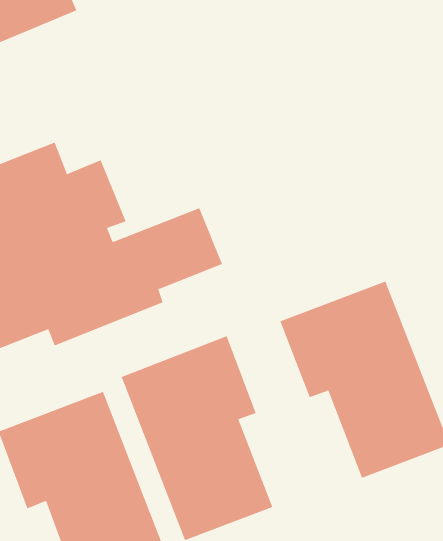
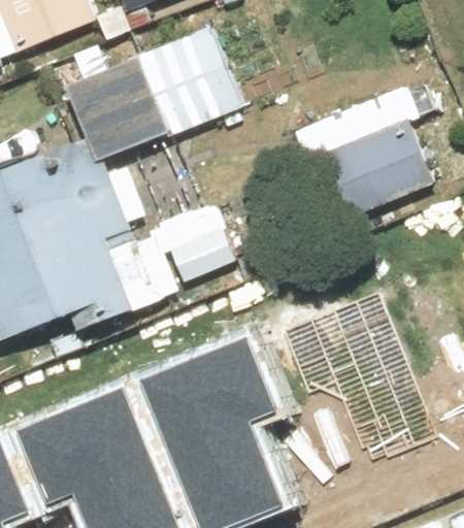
building: none -> [49,27,242,171]
building: none -> [304,91,435,221]

